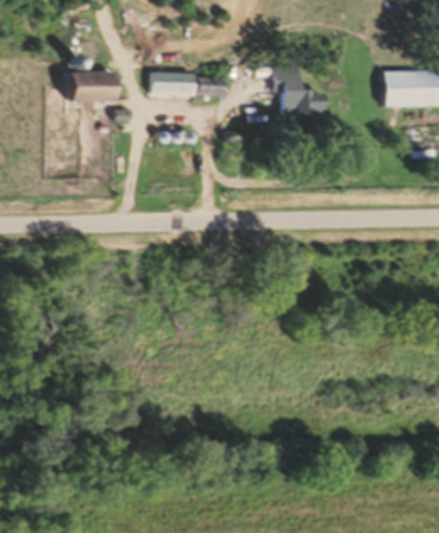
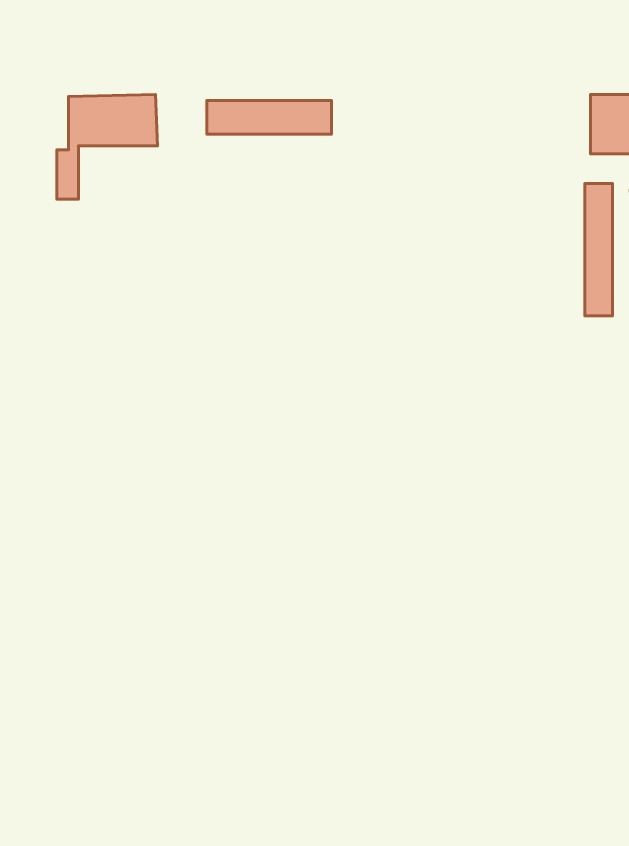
building: [275,70,327,113] -> none
building: none -> [585,184,613,316]

